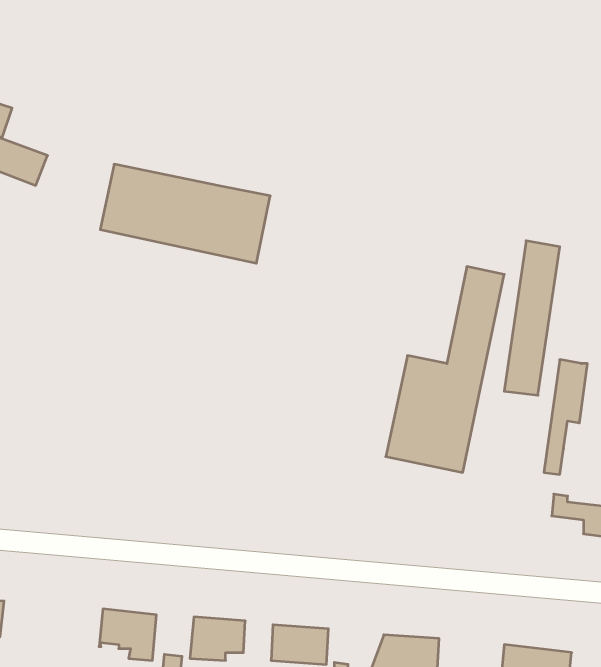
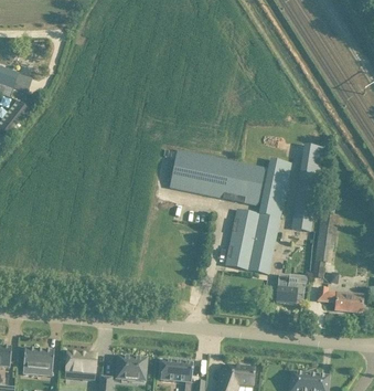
building: [100,164,270,263] -> [170,150,265,205]
building: none -> [276,273,304,304]
building: none -> [23,347,54,376]

